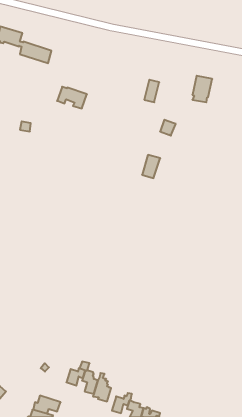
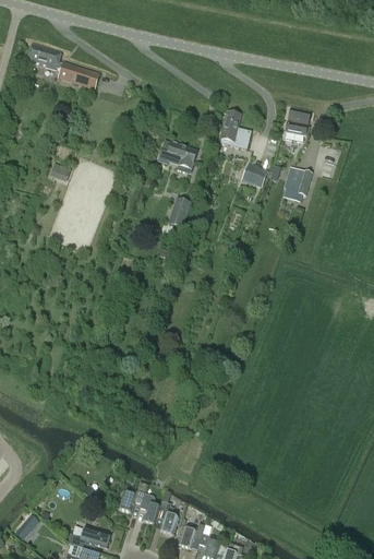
building: [57,87,87,108] -> [158,140,197,168]
building: none -> [283,166,313,202]
building: [142,155,160,178] -> [168,198,192,228]

